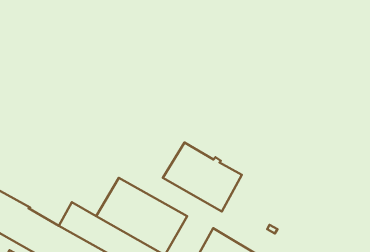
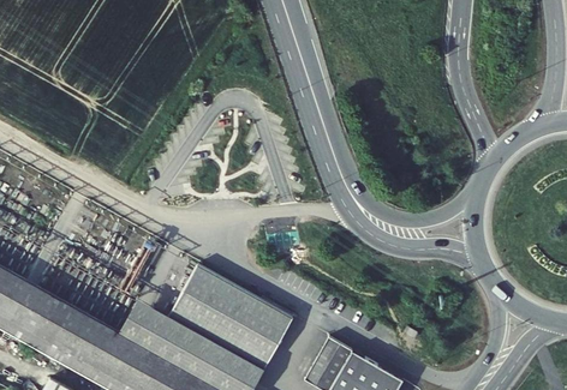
building: [163,143,242,212] -> none

